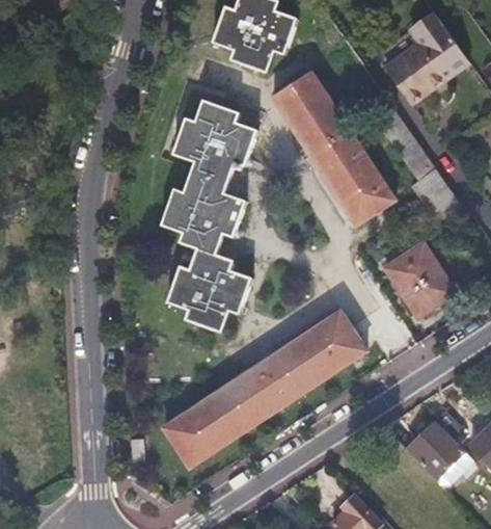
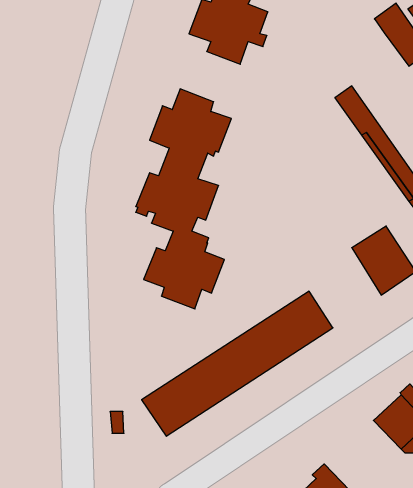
building: [383,39,444,101] -> none
building: [274,73,392,222] -> none

